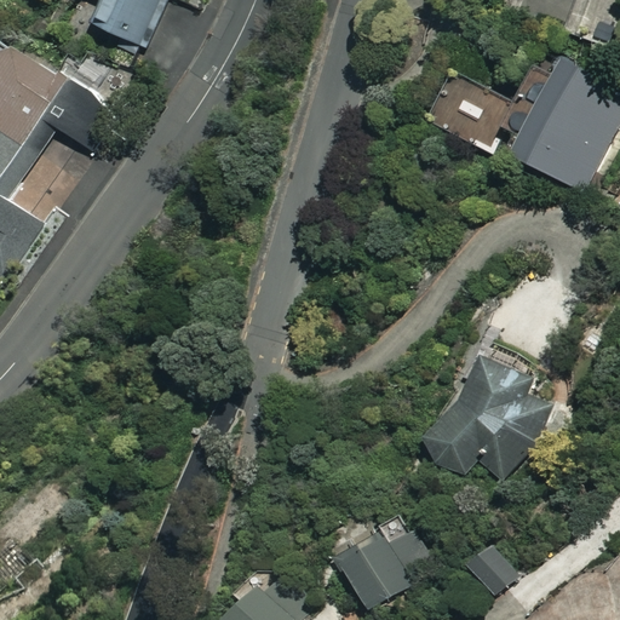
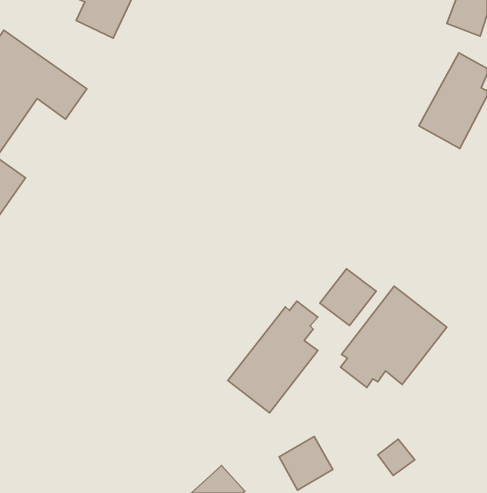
building: [425,68,513,145] -> none
building: none -> [320,269,376,325]
building: none -> [228,301,318,413]

